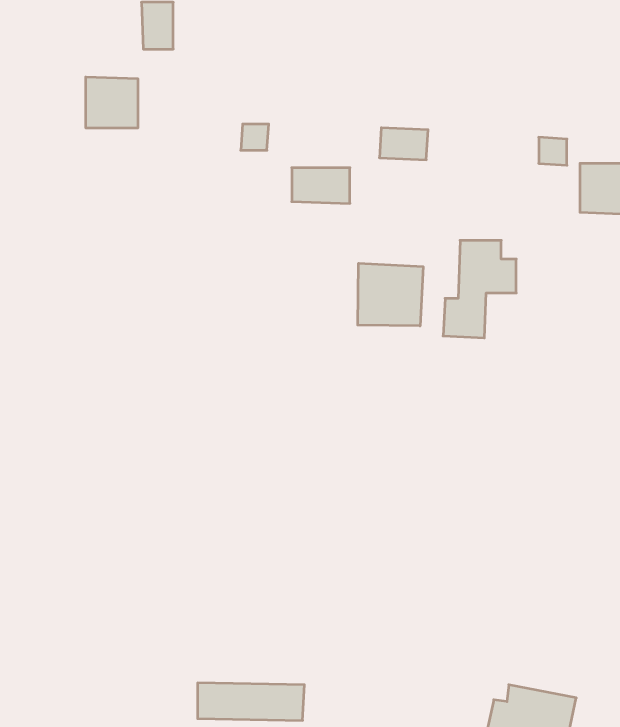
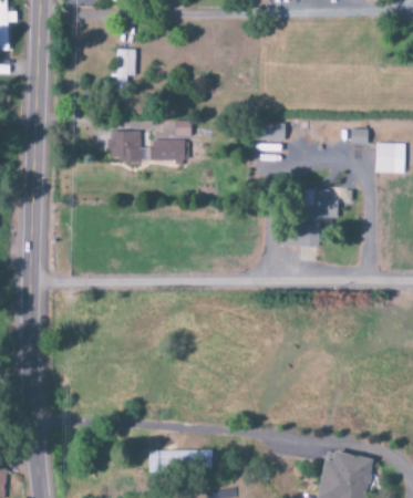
building: [86,77,138,128] -> [110,129,141,159]
building: [292,168,350,203] -> [153,139,187,160]
building: [358,263,423,326] -> none

